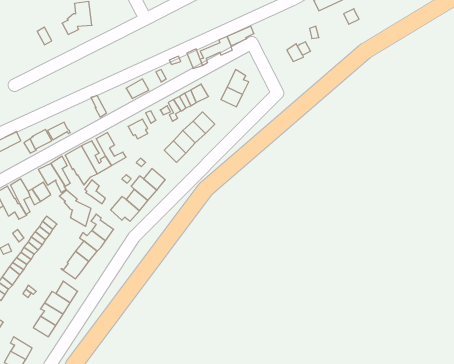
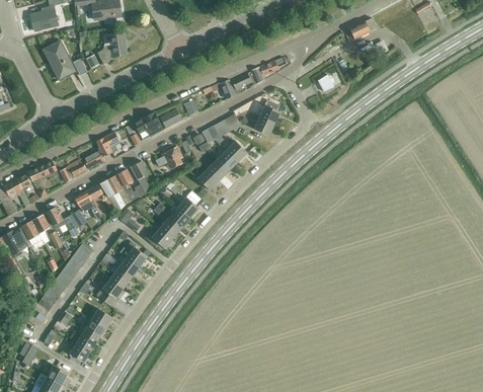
building: none -> [43,42,74,79]
building: none -> [133,111,163,140]
building: none -> [95,132,122,157]
building: [59,190,91,226] -> none

